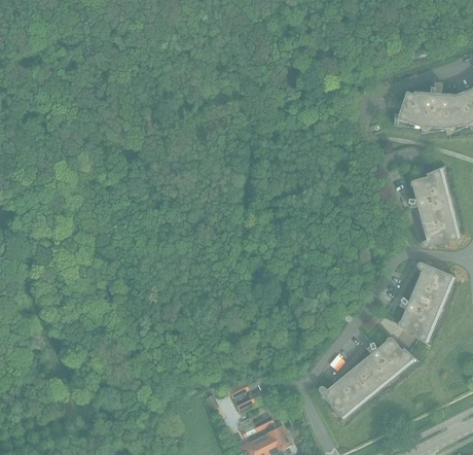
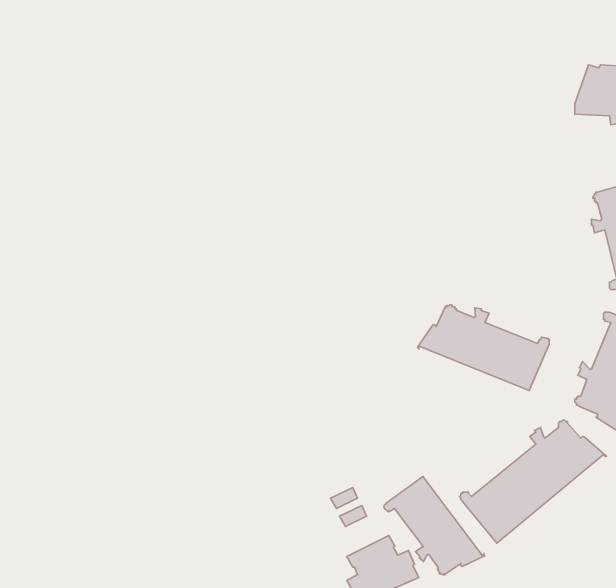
building: none -> [417,305,549,391]
building: none -> [384,477,484,575]

